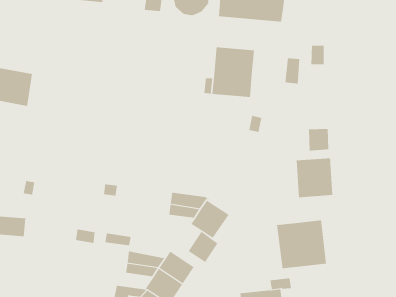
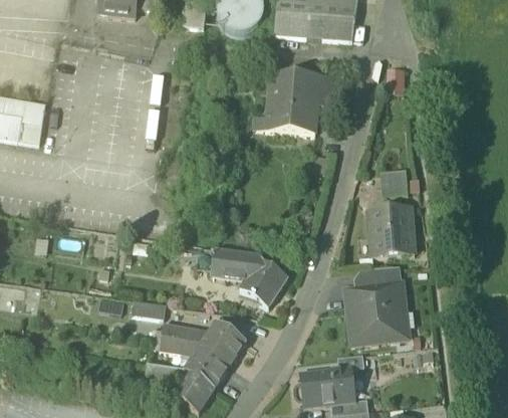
building: [285,58,300,84] -> [315,75,334,108]
building: none -> [362,267,401,288]
building: [188,231,218,263] -> none

